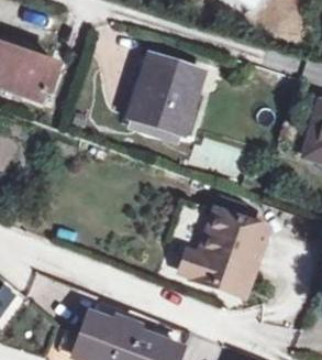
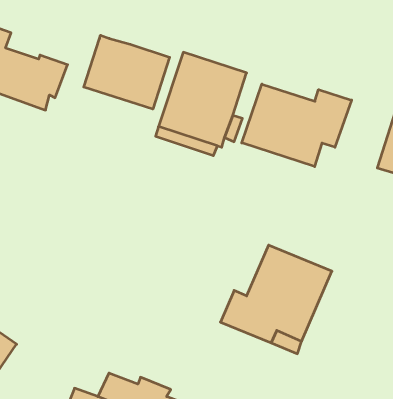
building: none -> [84,35,170,109]
building: none -> [242,84,352,167]

